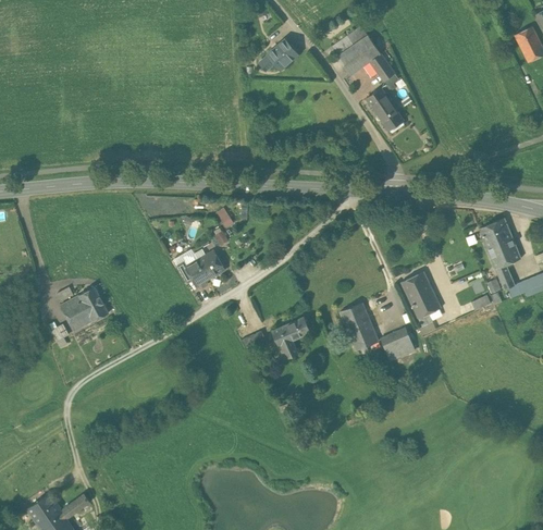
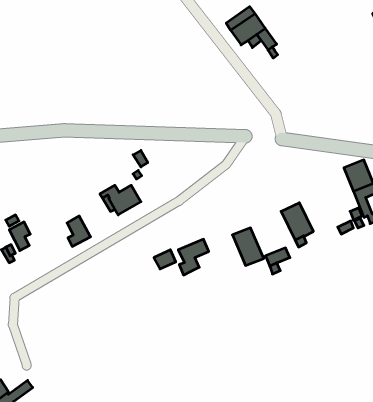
building: [259,39,297,71] -> none
building: [367,88,404,132] -> none
building: [79,286,109,324] -> [67,216,91,246]

